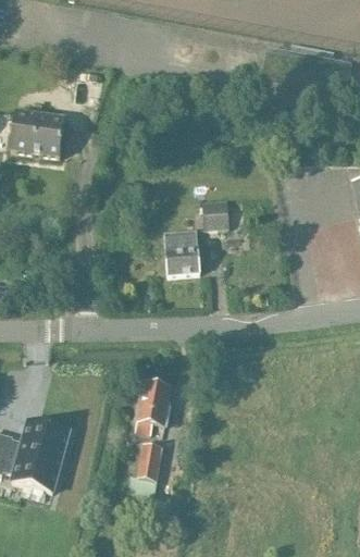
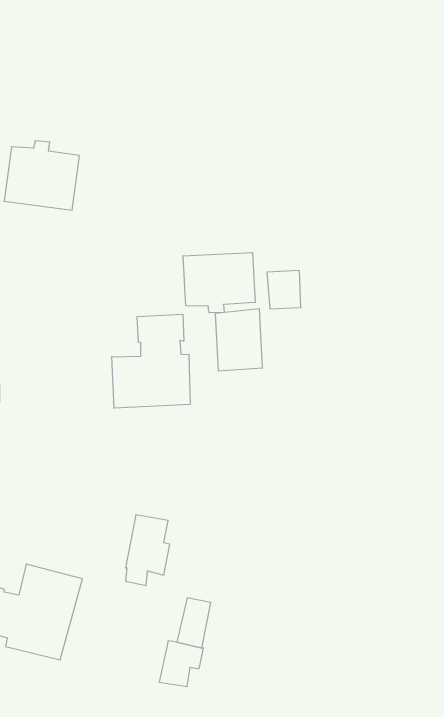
building: none -> [183,253,255,313]
building: none -> [112,314,190,408]
building: [138,382,171,434] -> [125,515,170,585]

